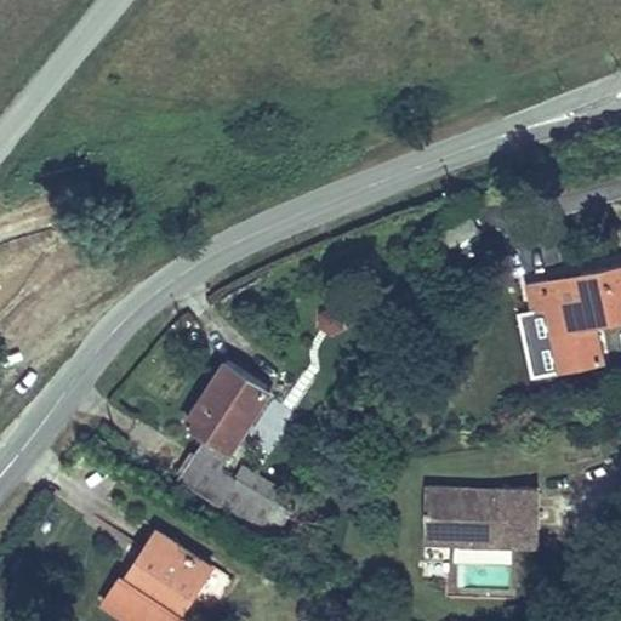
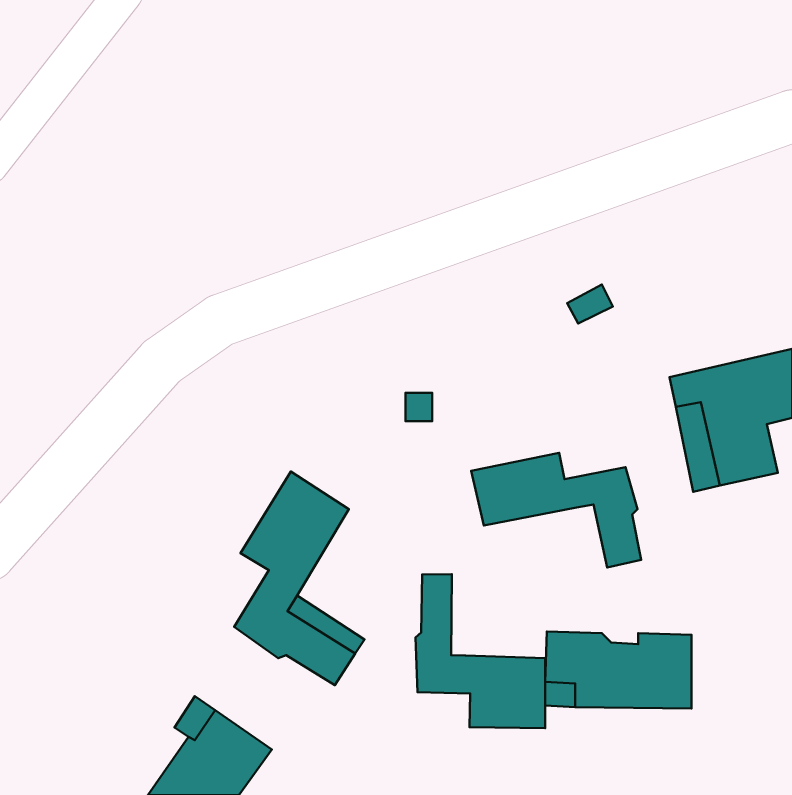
building: none -> [471,453,641,568]
building: none -> [416,574,545,728]

